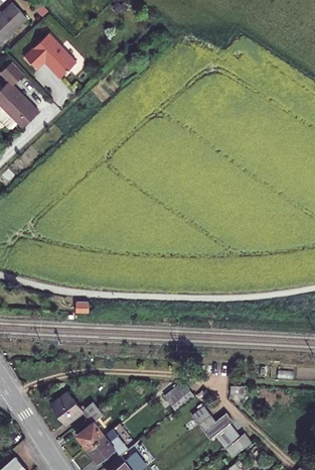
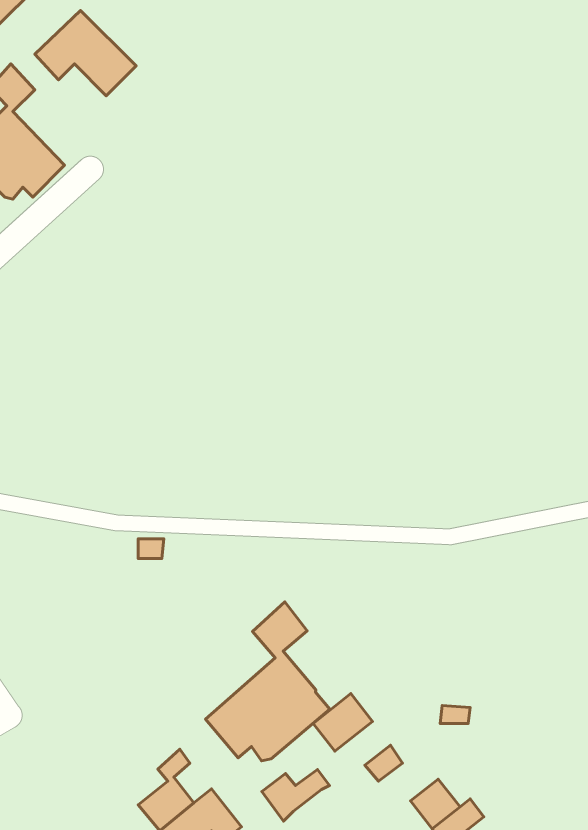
building: none -> [205,602,330,761]
building: [51,393,97,424] -> none
building: [197,414,231,440] -> [262,769,329,821]

